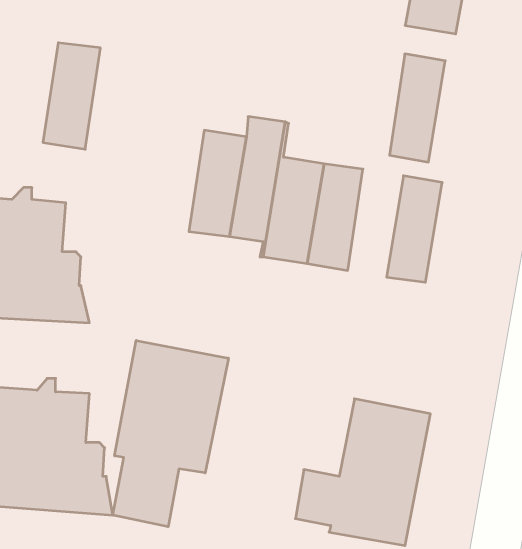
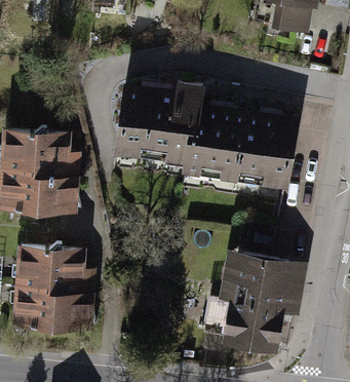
building: [43,43,100,149] -> [116,88,151,153]
building: [390,54,445,162] -> [238,115,272,181]
building: [113,340,228,527] -> none

